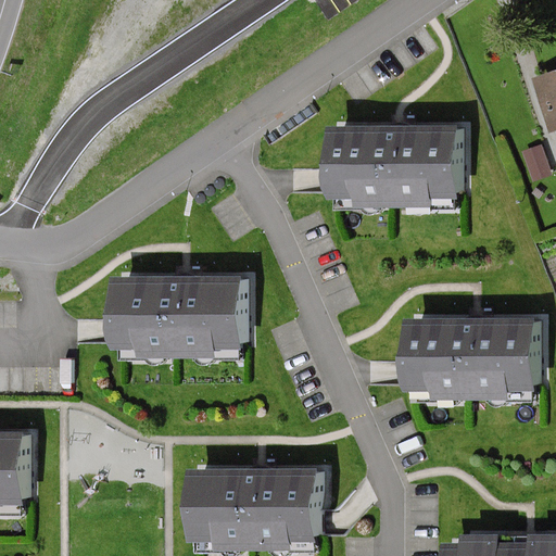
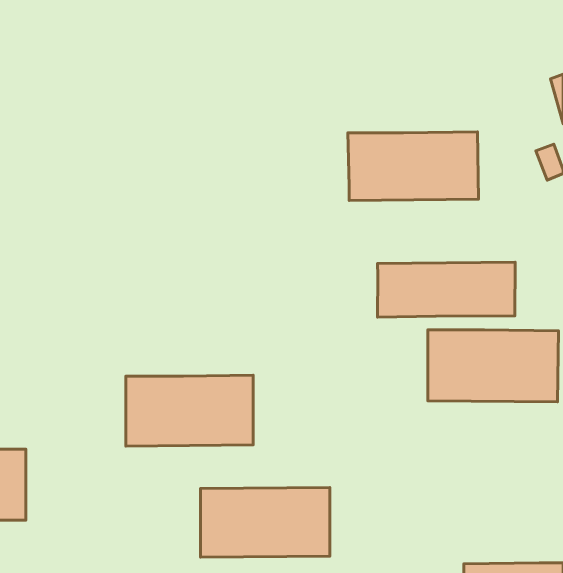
building: none -> [377,262,515,317]
building: [119,281,242,350] -> [126,375,253,446]

